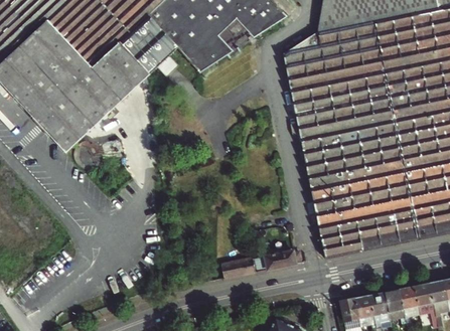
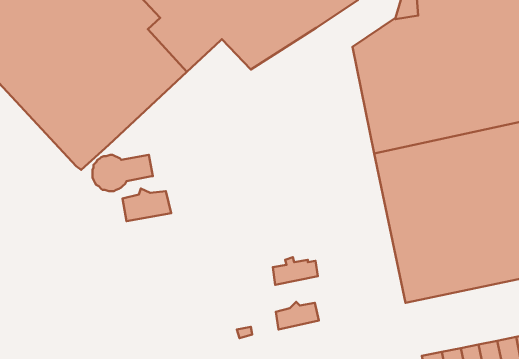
building: none -> [122,188,171,221]
building: [266,249,302,271] -> [273,257,318,285]

